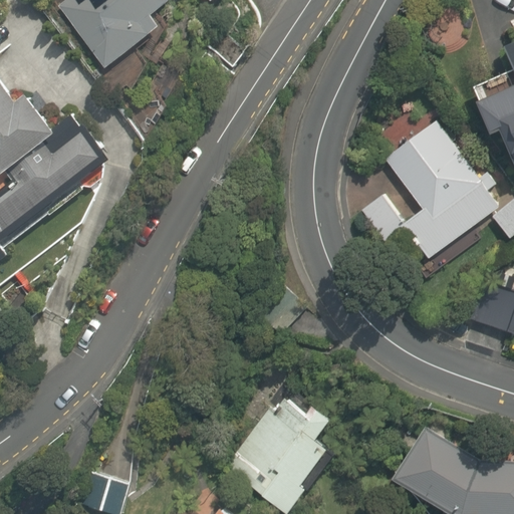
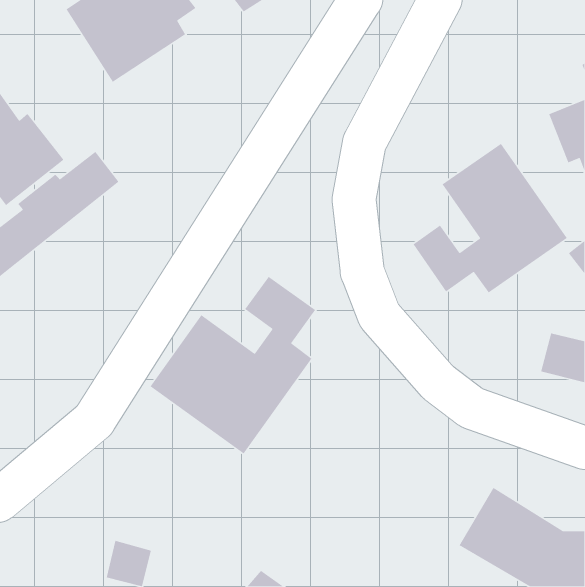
building: none -> [150,276,316,454]
building: [231,391,341,508] -> none

